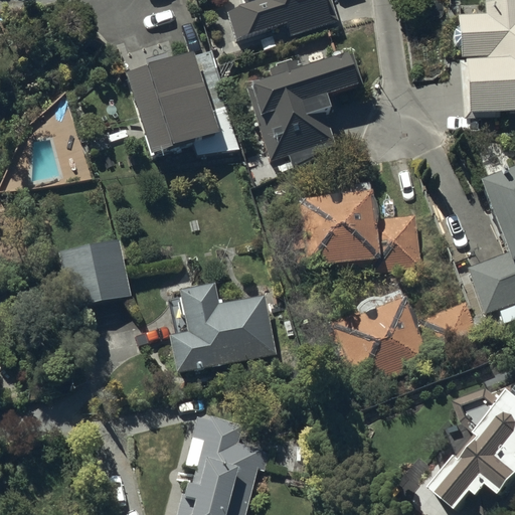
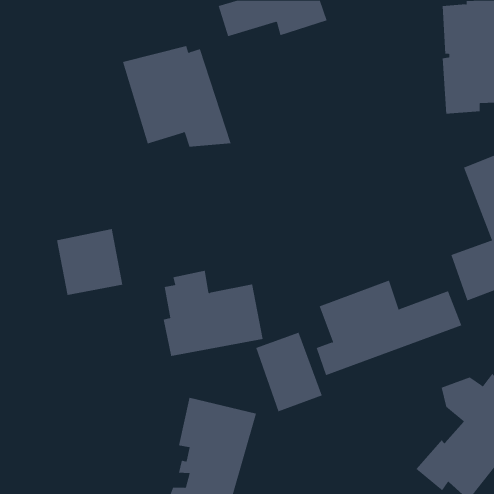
building: [252,49,361,168] -> none
building: [299,187,422,274] -> none
building: none -> [255,332,322,412]

